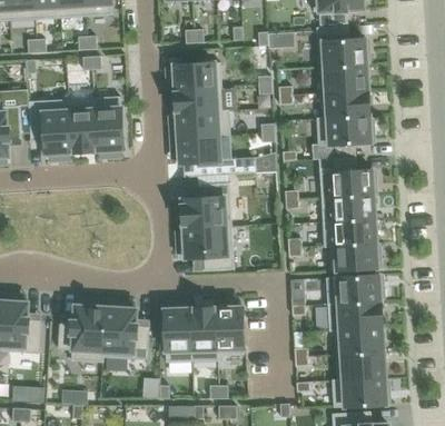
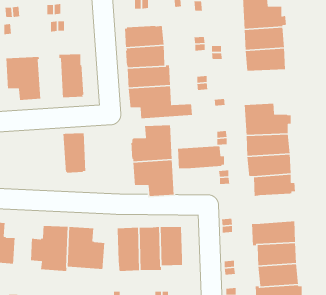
building: [68,102,97,152] -> [63,132,86,174]
building: [316,116,374,145] -> none
building: [326,274,384,303] -> [177,146,225,169]

